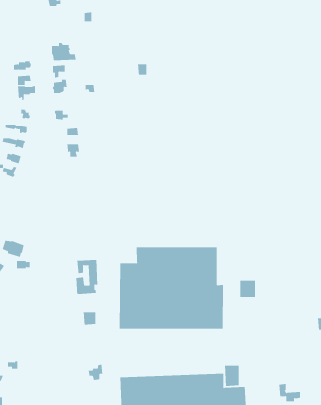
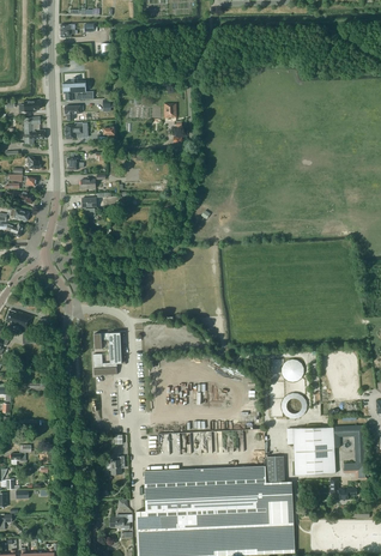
building: [119,247,224,329] -> none
building: none -> [292,427,364,478]

